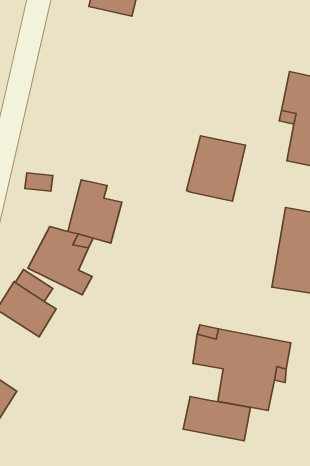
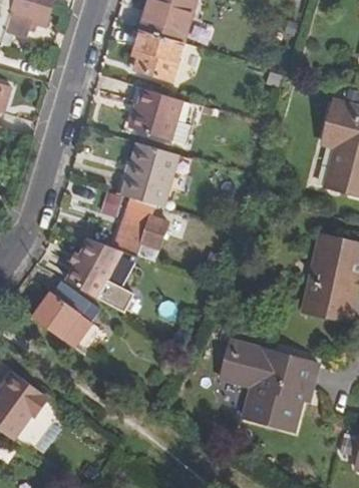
building: none -> [134,27,183,77]
building: none -> [131,85,199,142]
building: [186,136,246,201] -> [119,140,180,205]
building: [183,397,250,441] -> none

